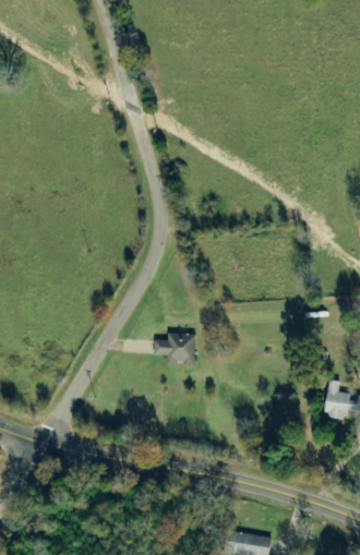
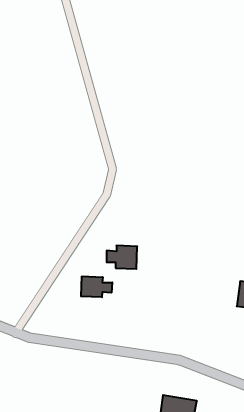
building: none -> [81,276,112,297]

